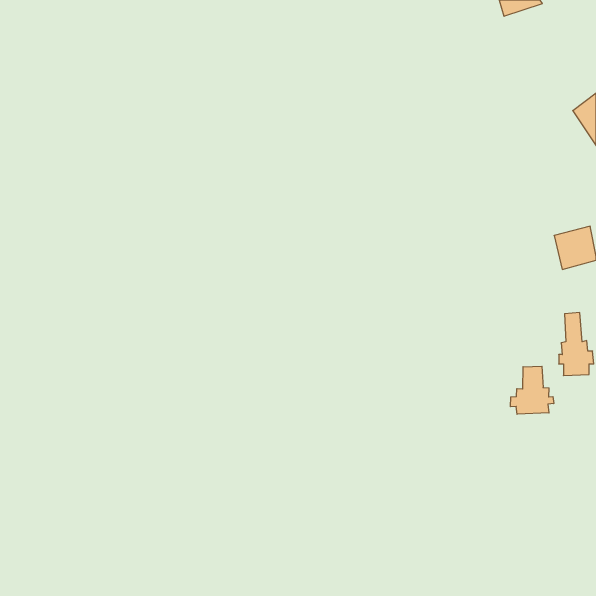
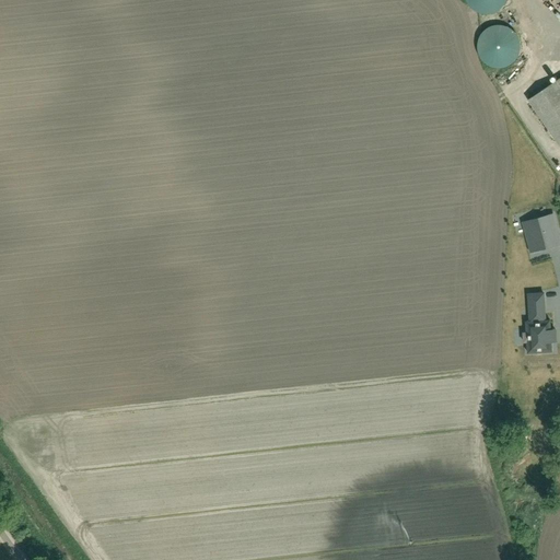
building: none -> [480,24,525,69]
building: [510,366,554,414] -> none

